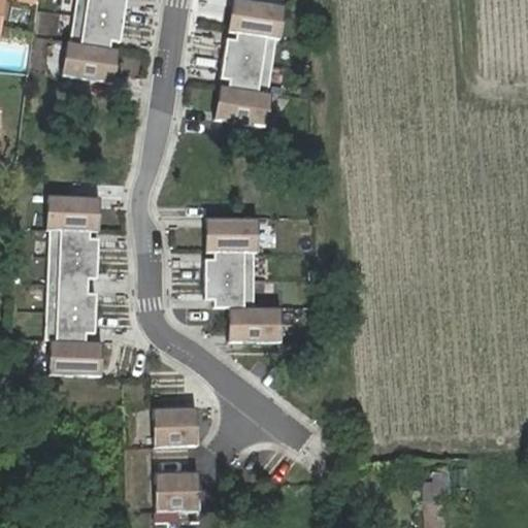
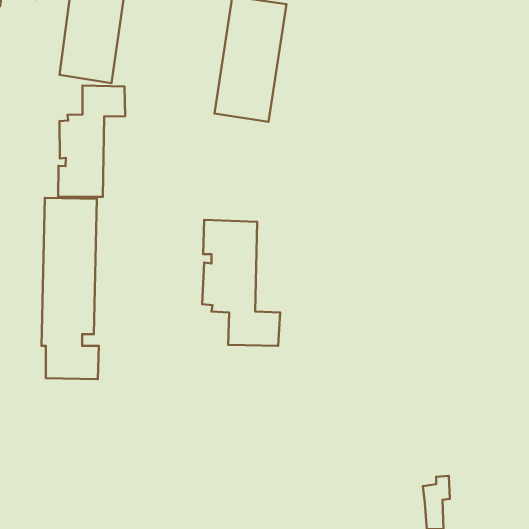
building: none -> [58,86,125,197]
building: [150,403,197,448] -> none
building: [153,471,200,517] -> none

